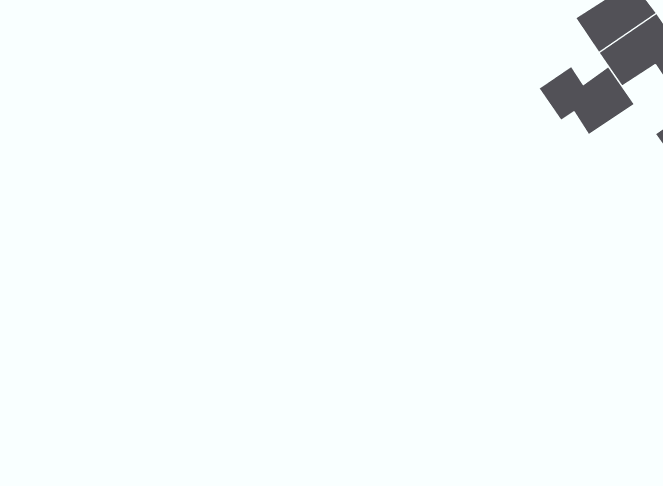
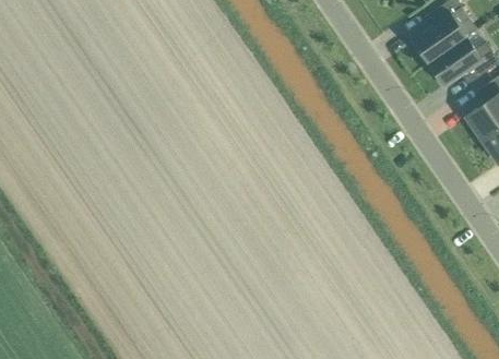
building: [539,66,634,135] -> none

